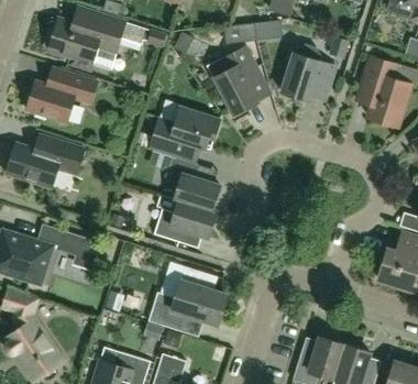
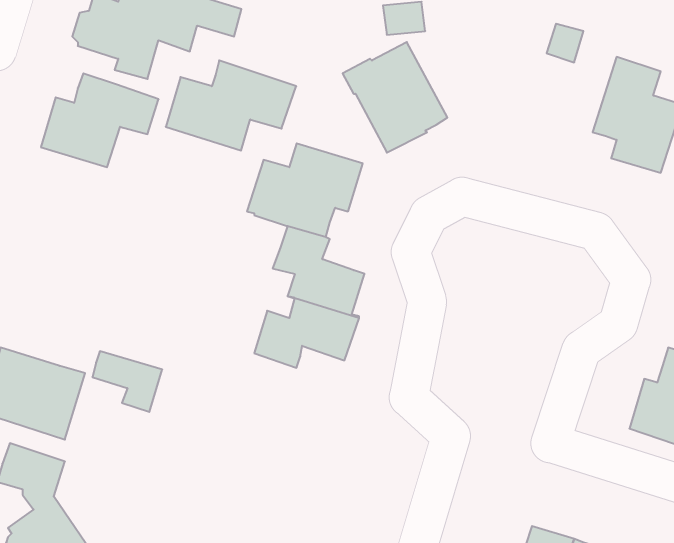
building: [280,43,334,100] -> none
building: [6,133,84,187] -> [166,60,296,151]
building: [147,266,226,330] -> none

